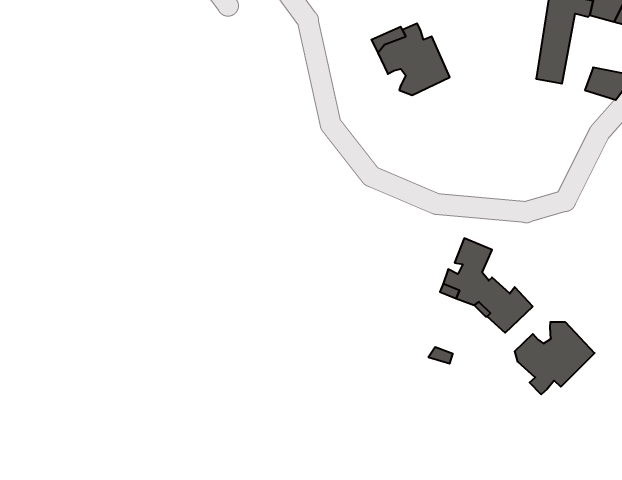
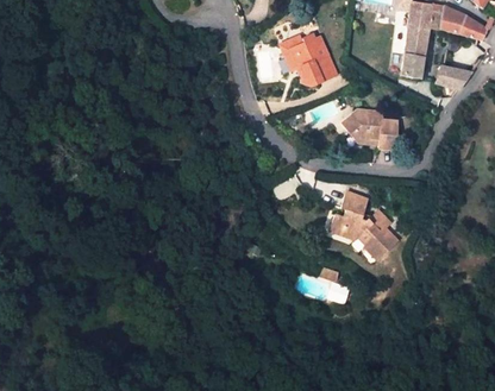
building: none -> [343,109,399,149]
building: [515,322,595,394] -> none

